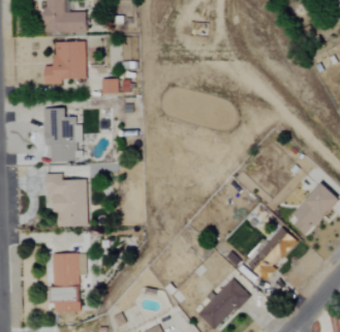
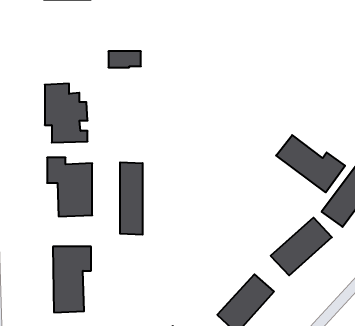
building: [43,41,86,84] -> none
building: none -> [276,135,345,192]
building: none -> [120,162,143,235]

